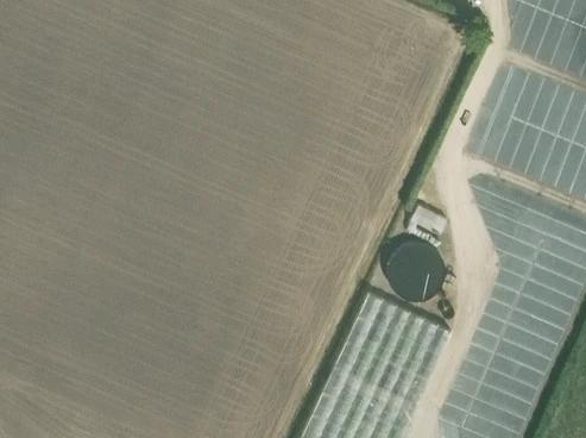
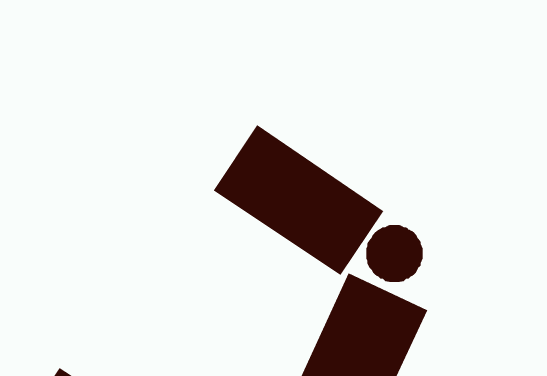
building: none -> [213,124,384,276]

